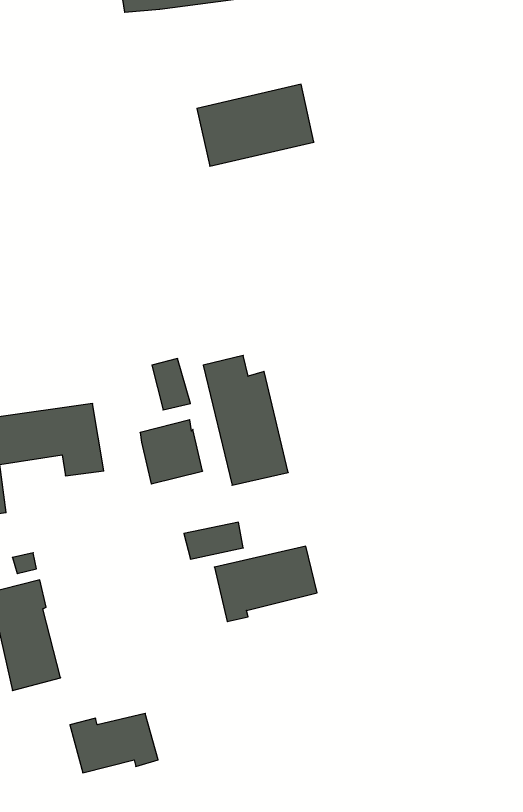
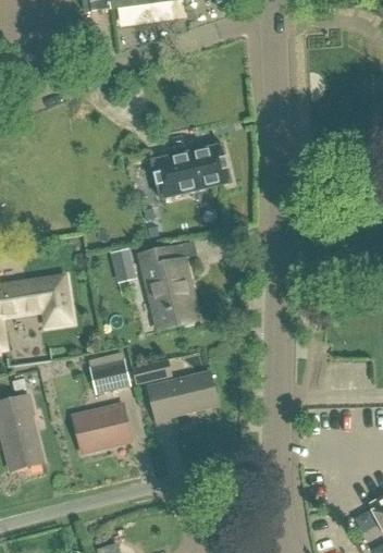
building: [197,84,314,166] -> [151,143,231,198]
building: [140,420,203,484] -> [87,349,129,393]
building: [70,713,158,773] -> [72,407,132,447]

